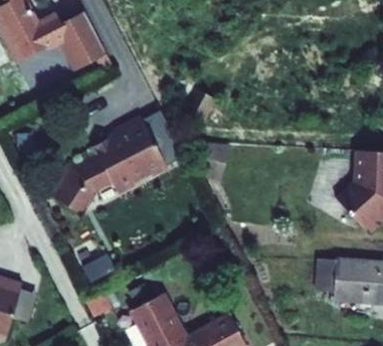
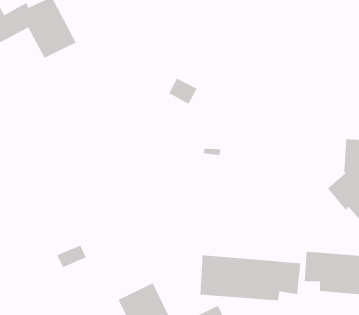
building: [56,112,168,205] -> none
building: none -> [199,255,301,301]

